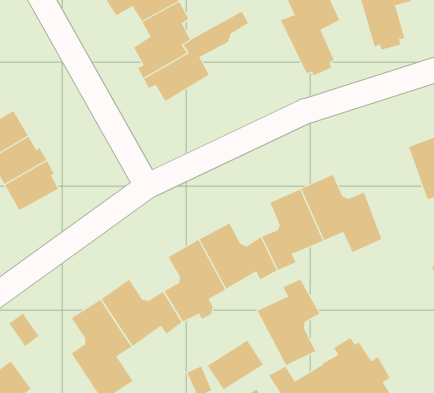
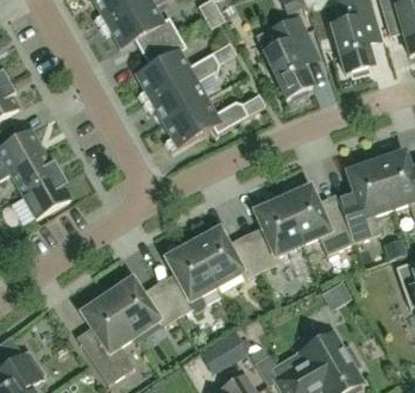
building: none -> [163,93,265,149]
building: none -> [338,161,392,242]
building: [257,279,320,366] -> none

